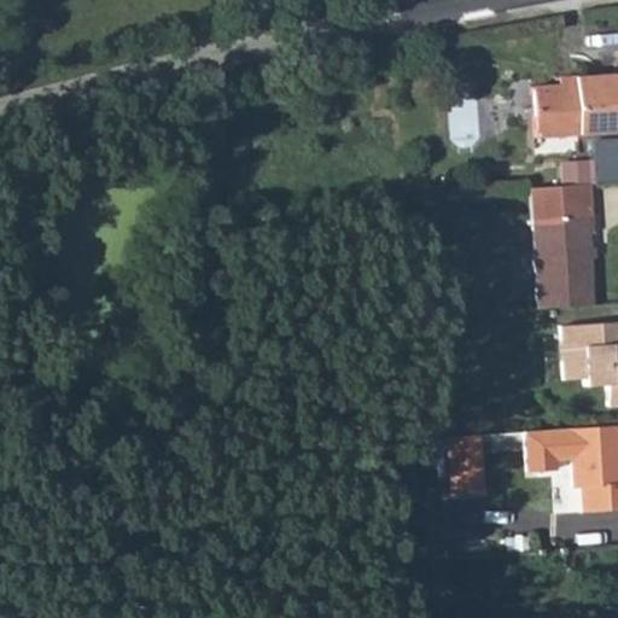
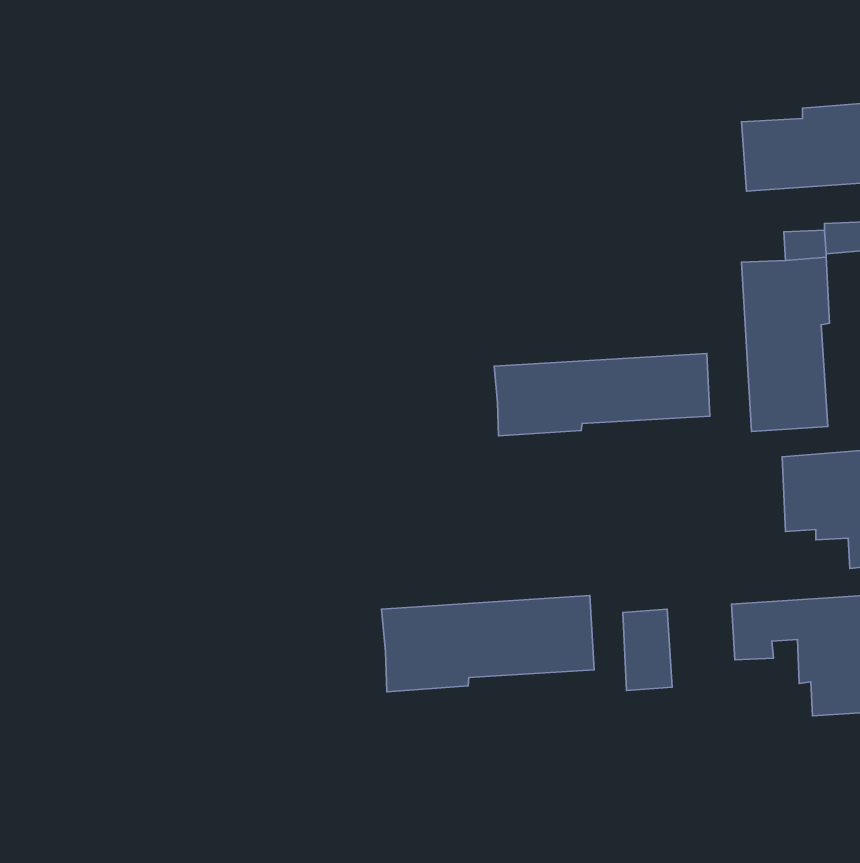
building: none -> [494,354,710,436]
building: none -> [381,596,594,692]

